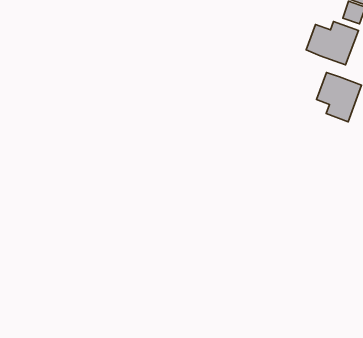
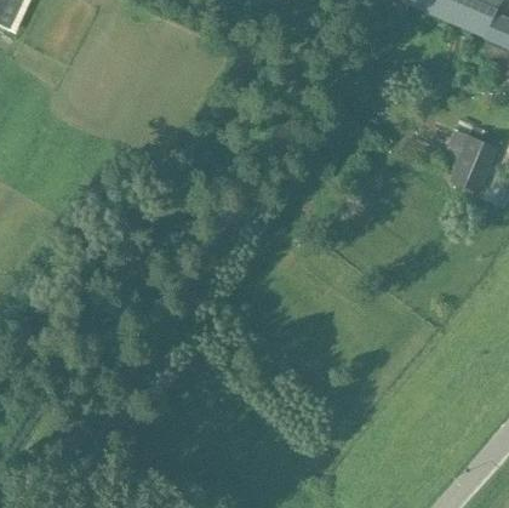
building: [306,21,359,65] -> none

